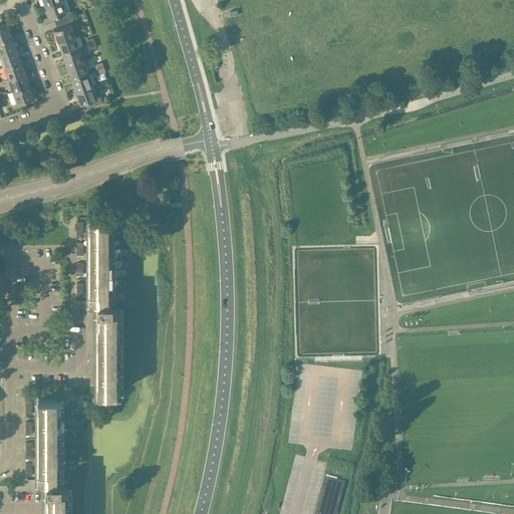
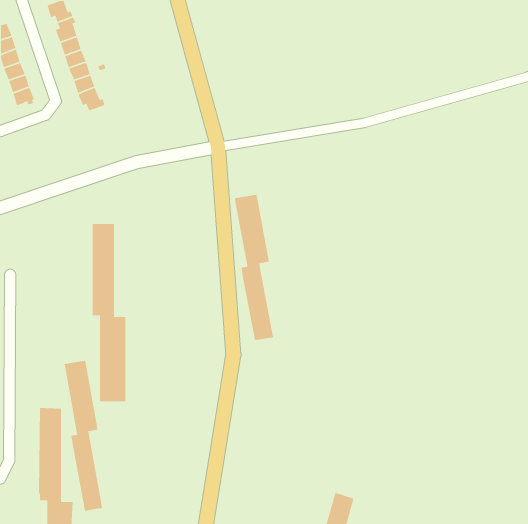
building: none -> [234,194,274,341]
building: none -> [64,360,103,512]

